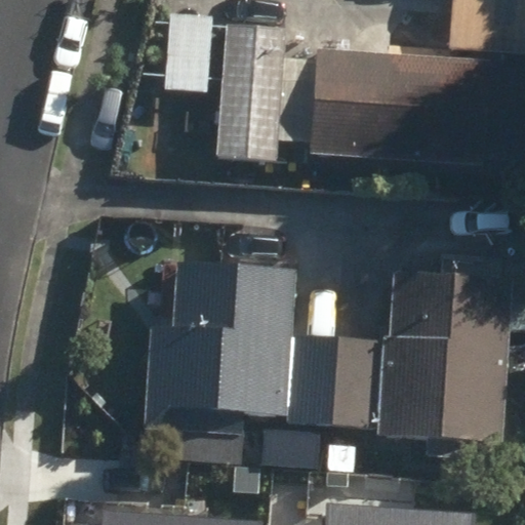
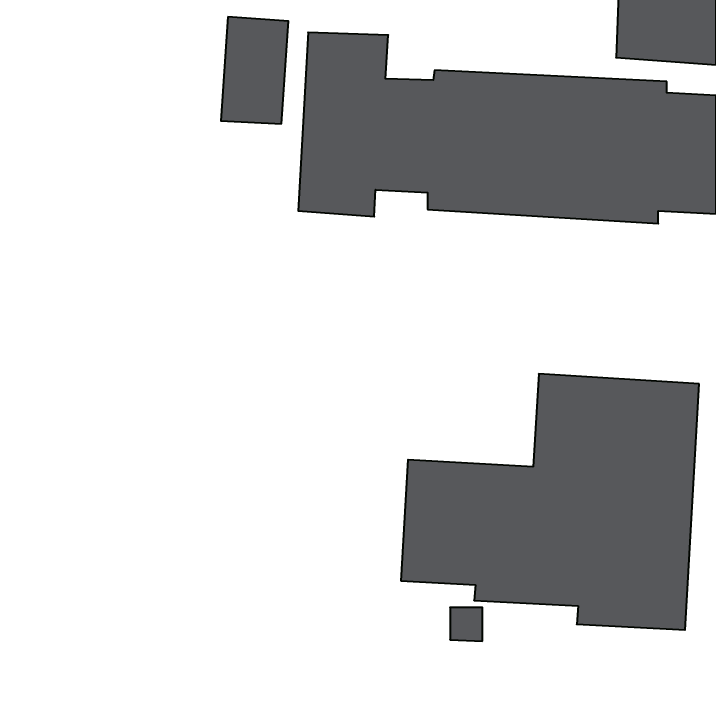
building: [149,260,295,432] -> none

